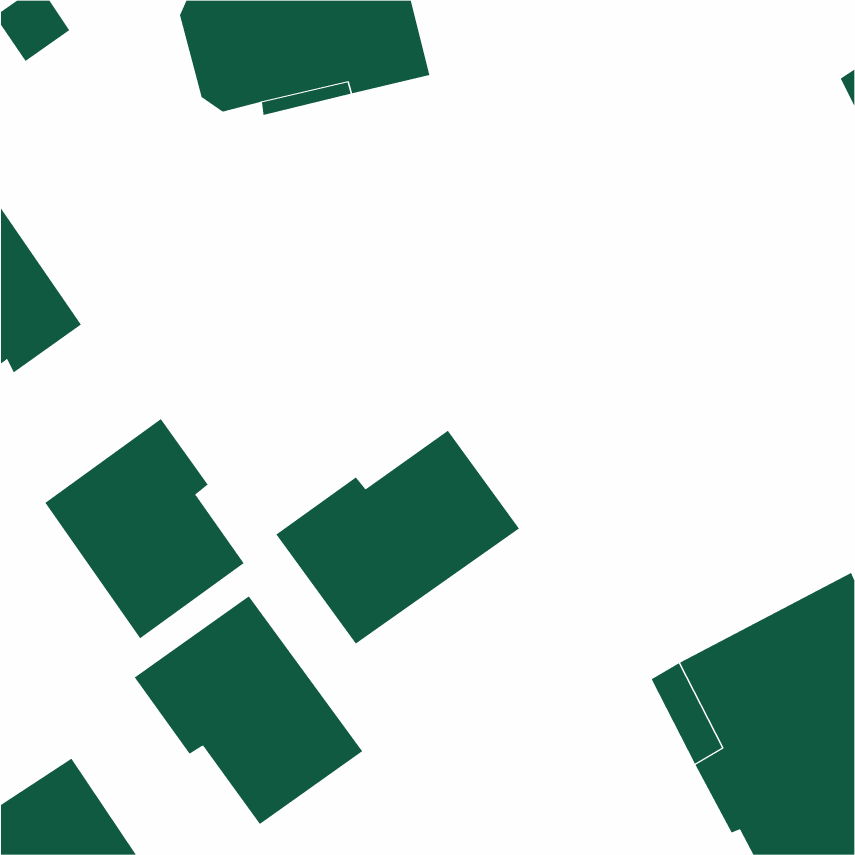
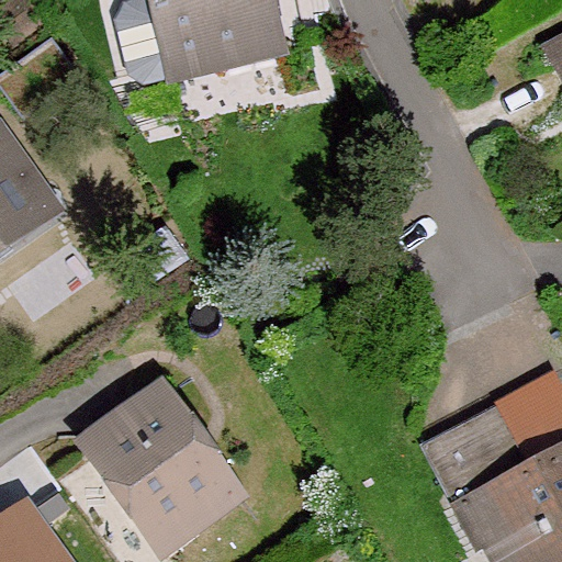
building: [44,418,245,639] -> none
building: [276,430,520,645] -> none

